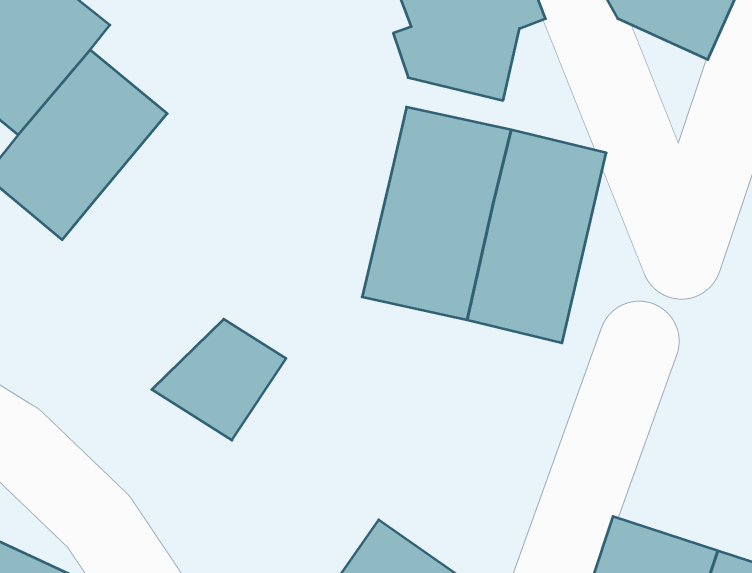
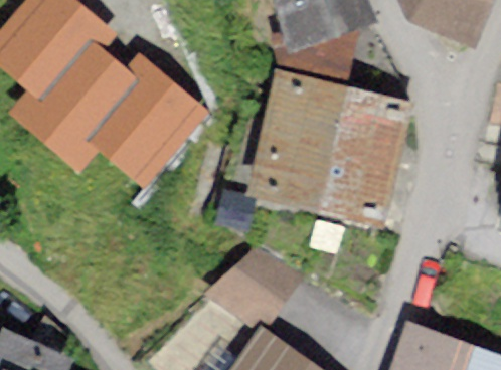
building: none -> [90,66,199,179]
building: [152,319,286,440] -> [211,249,294,324]

